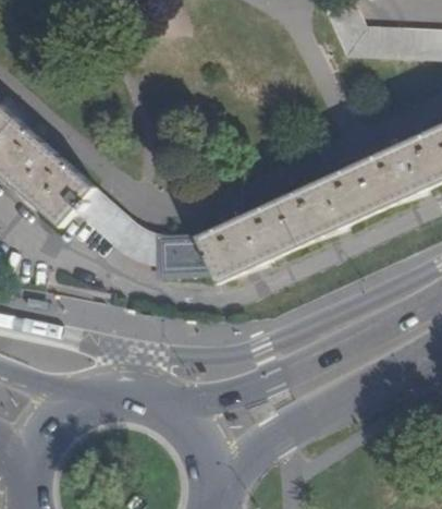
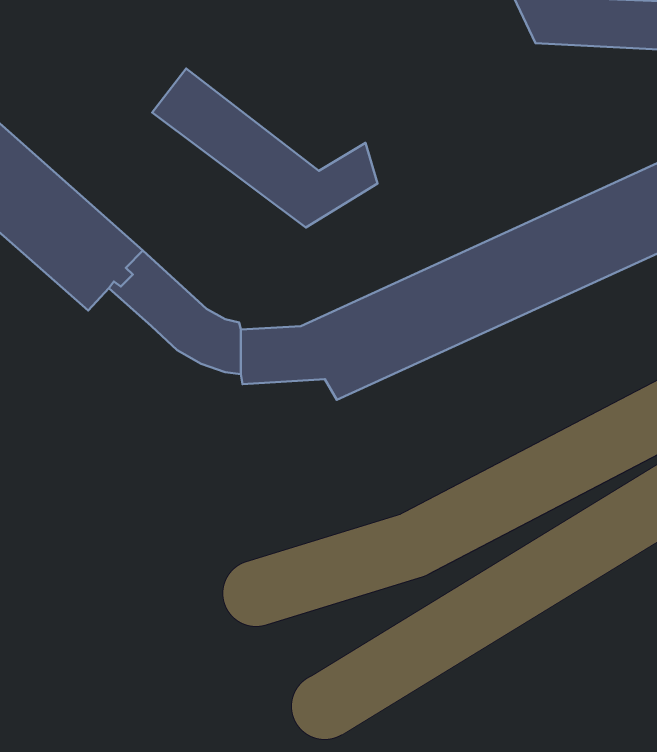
building: none -> [152,69,378,227]

